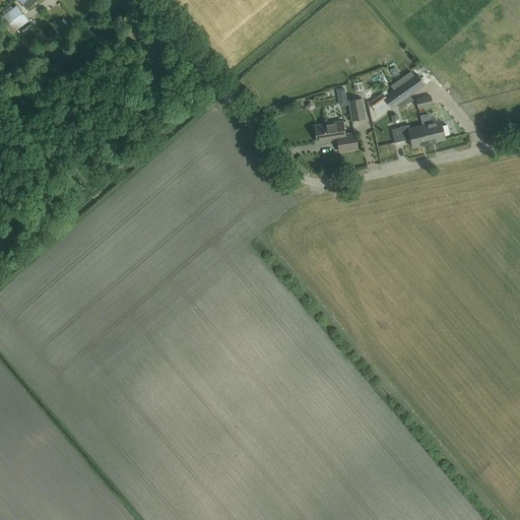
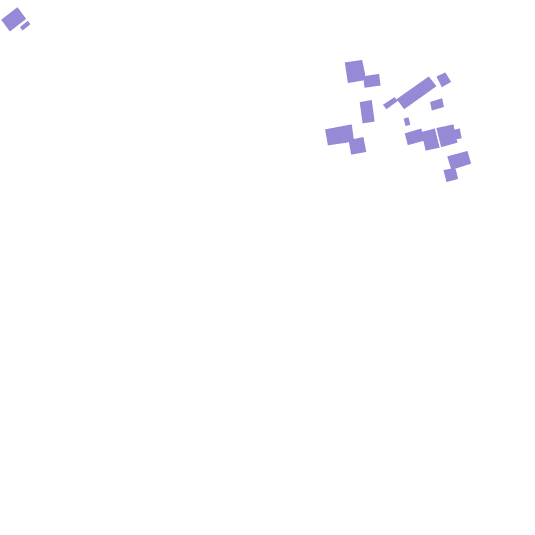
building: none -> [344,59,381,88]
building: none -> [443,150,472,183]

